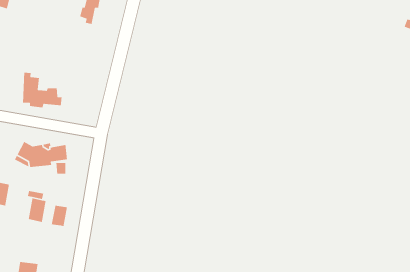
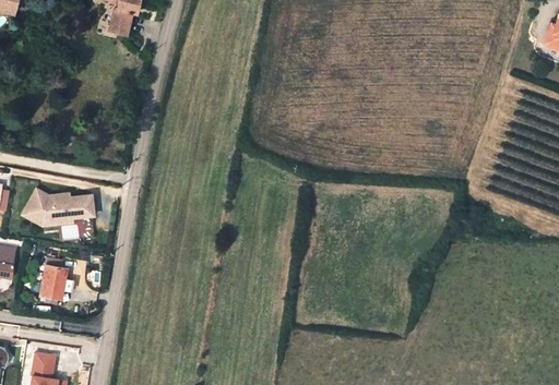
building: [22,72,62,108] -> none
building: [51,205,68,227] -> none

